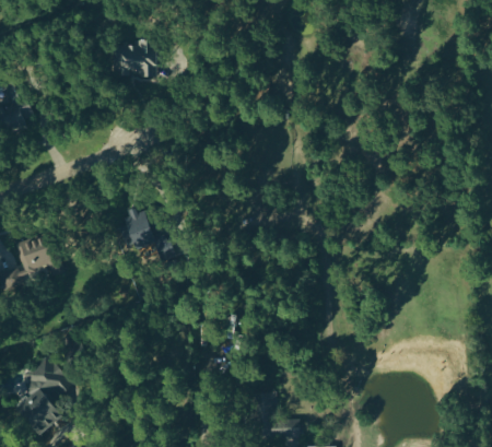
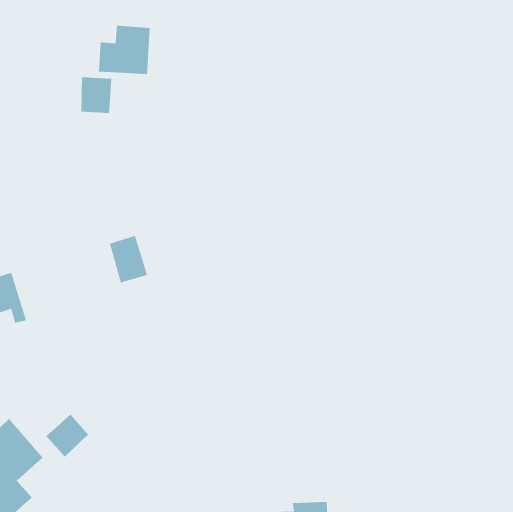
building: none -> [81,77,112,114]
building: none -> [45,414,89,457]

